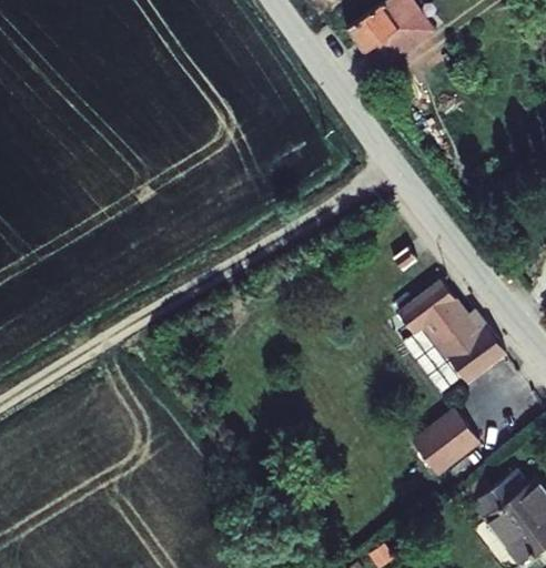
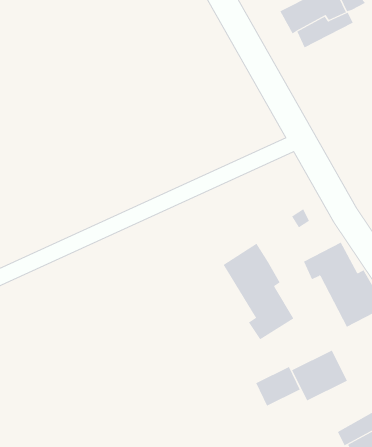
building: none -> [223,243,294,340]
building: none -> [256,366,301,406]

